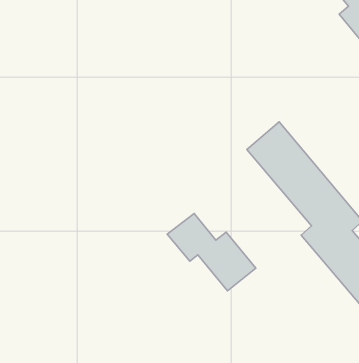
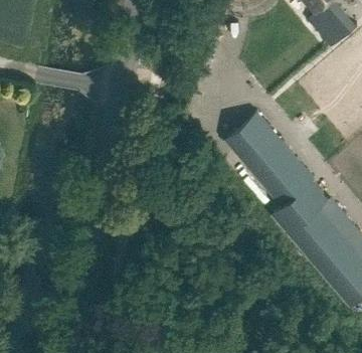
building: [167,213,256,291] -> none

